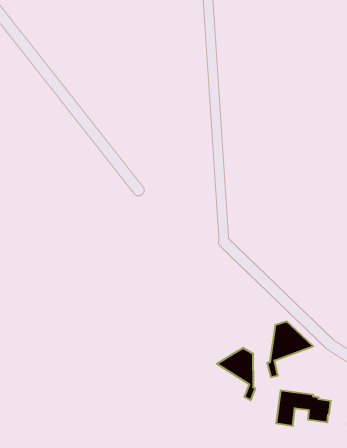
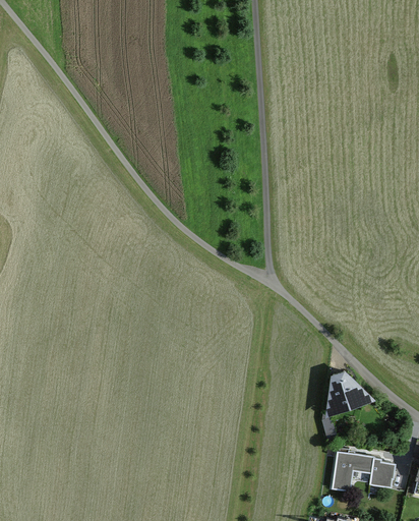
building: [217,348,255,400] -> none

